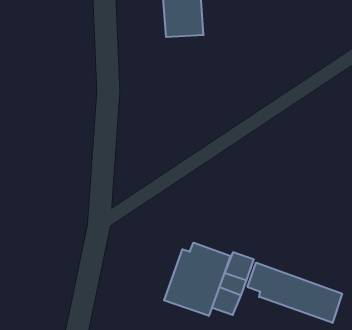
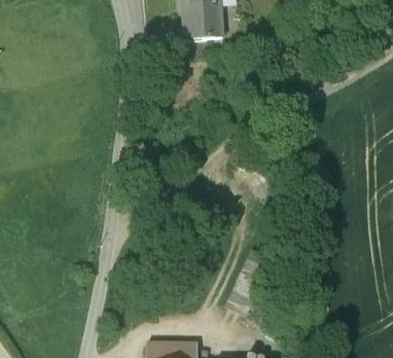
building: [164,243,231,316] -> none
building: [248,263,342,323] -> none

